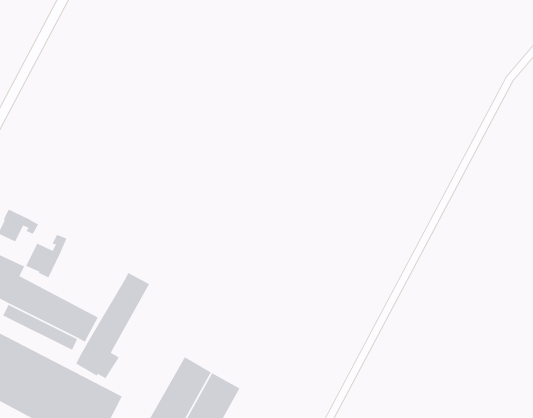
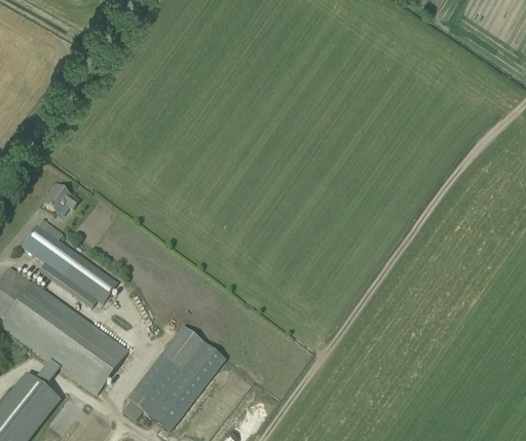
building: [25,234,67,278] -> none
building: [75,272,150,379] -> none

